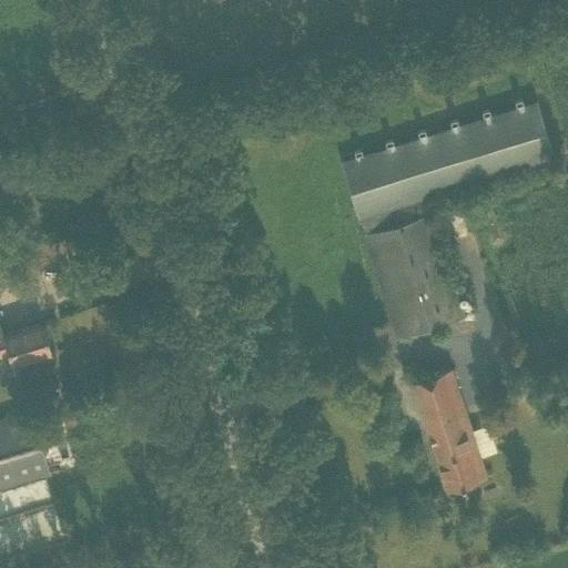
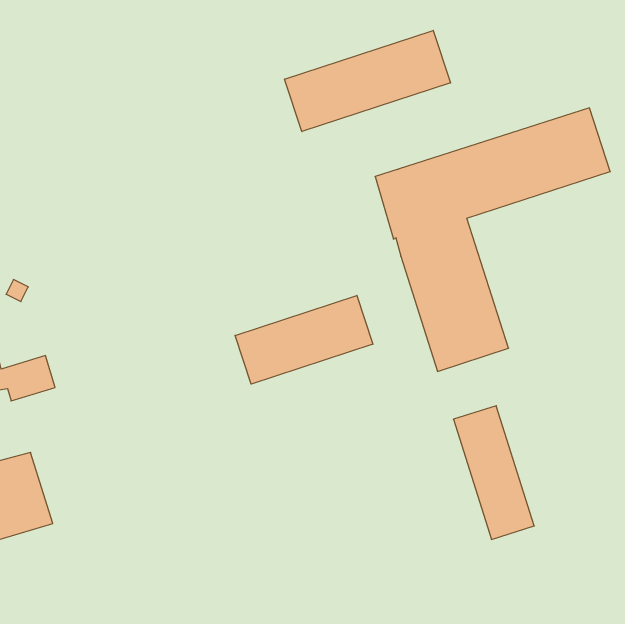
building: none -> [285,30,451,132]
building: none -> [235,295,373,384]

